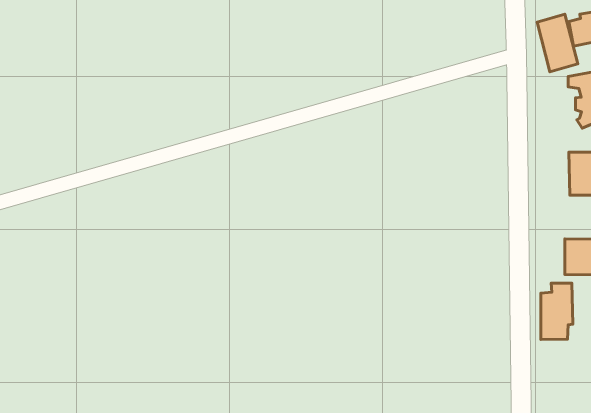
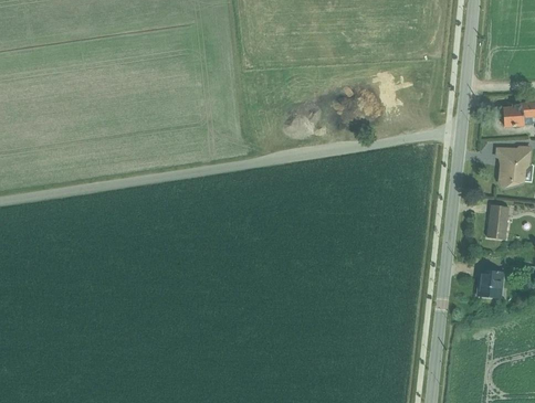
building: [537,14,578,72] -> none
building: [541,283,573,340] -> none

